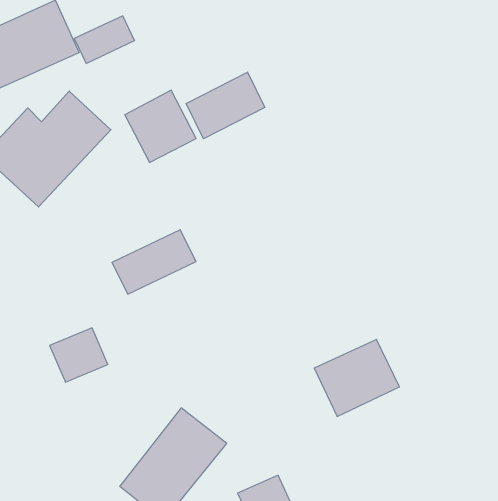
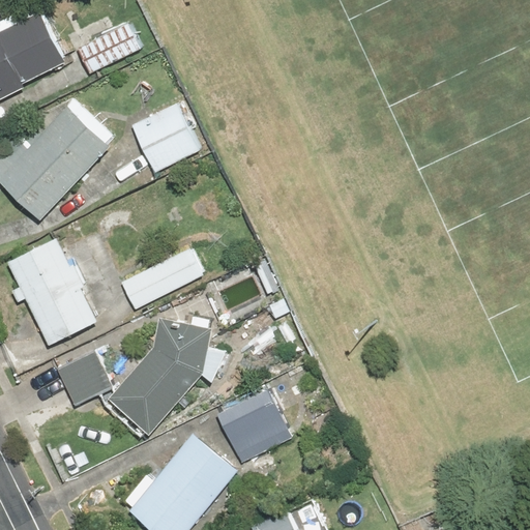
building: [186,72,265,139] -> none
building: none -> [5,238,100,349]
building: none -> [104,319,206,441]
building: [314,339,399,417] -> [214,382,303,463]

